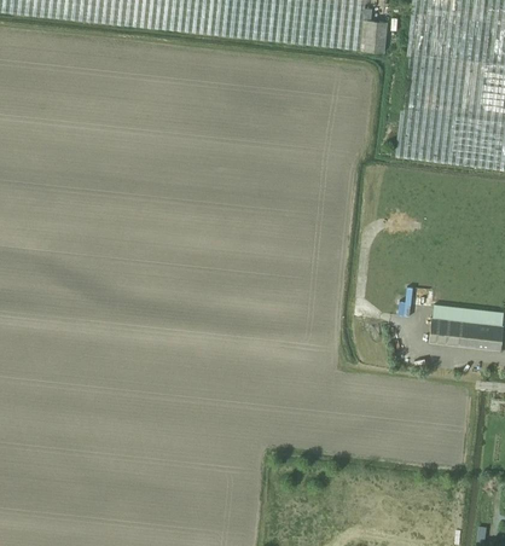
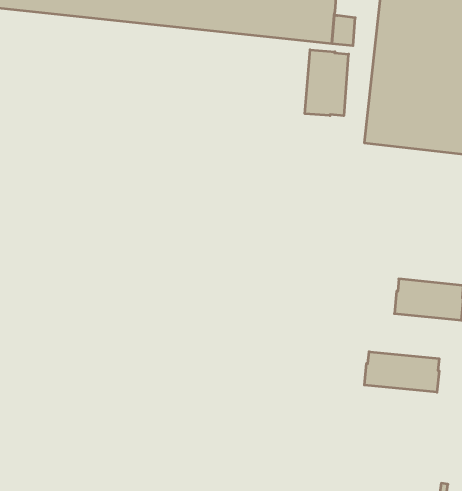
building: none -> [305,50,349,116]
building: none -> [364,352,439,392]

